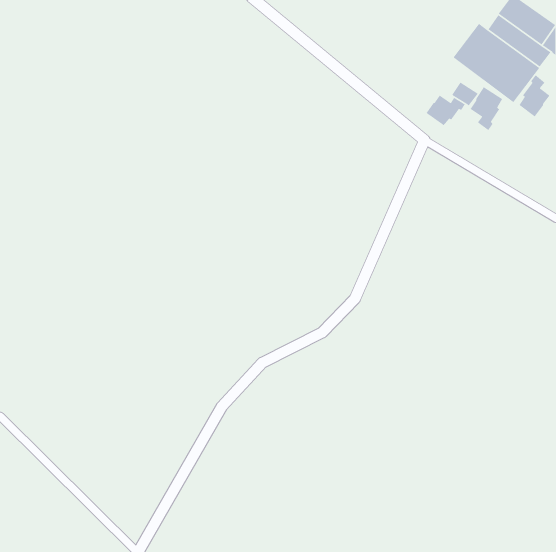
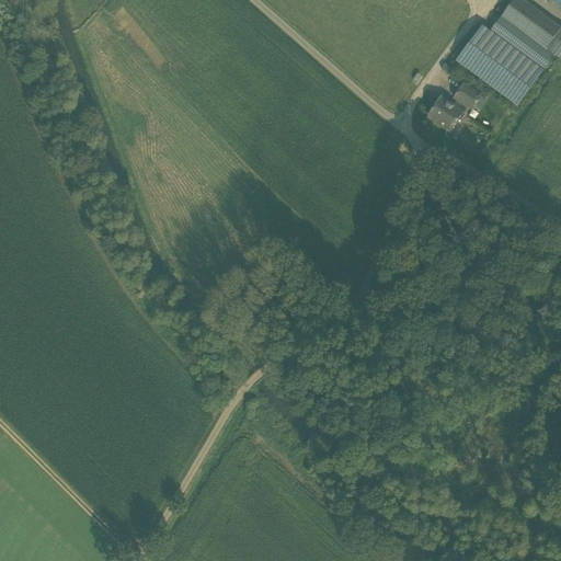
building: [518,74,550,117] -> none
building: [470,86,503,131] -> none

